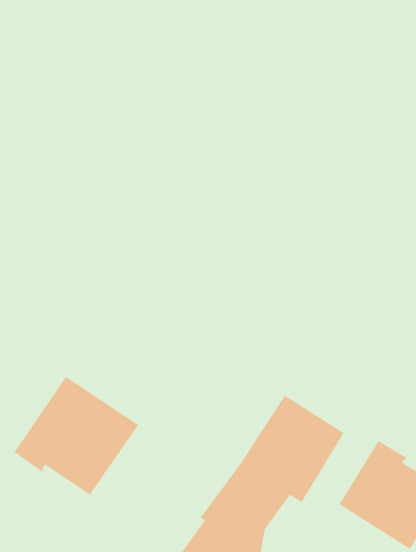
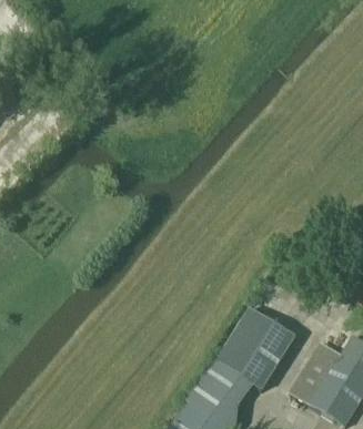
building: [13,376,139,495] -> none

